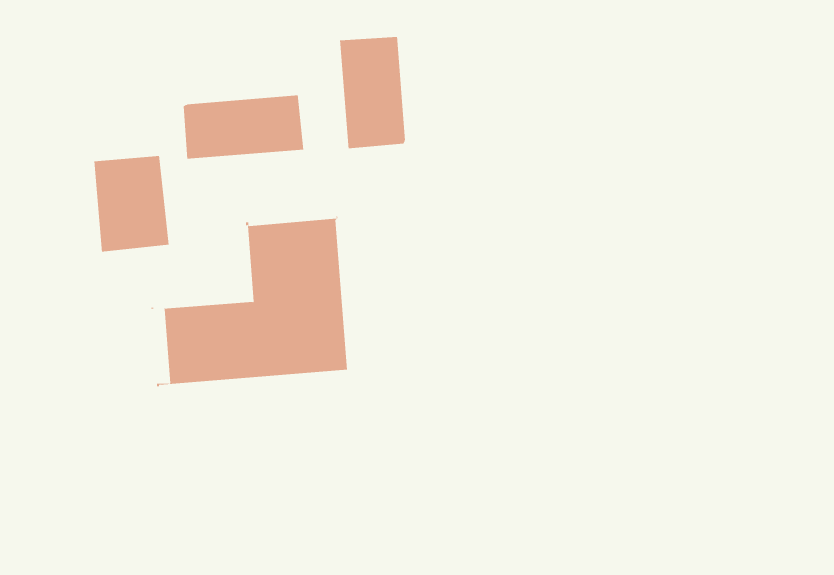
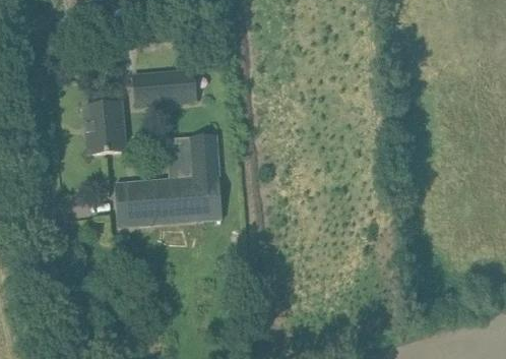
building: [339,36,405,149] -> none

